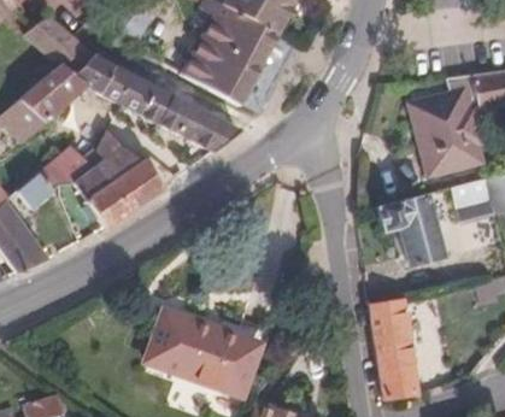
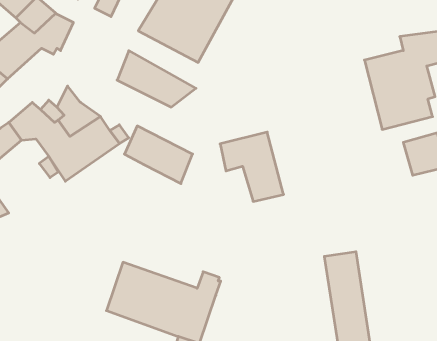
building: [100,64,170,123] -> [124,126,193,184]
building: [376,193,441,264] -> [220,132,284,201]

